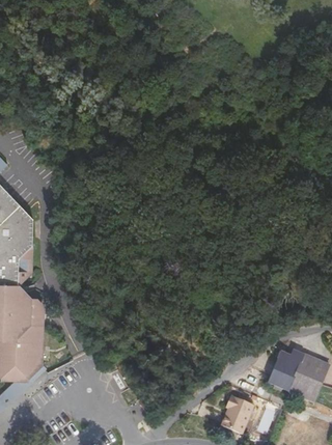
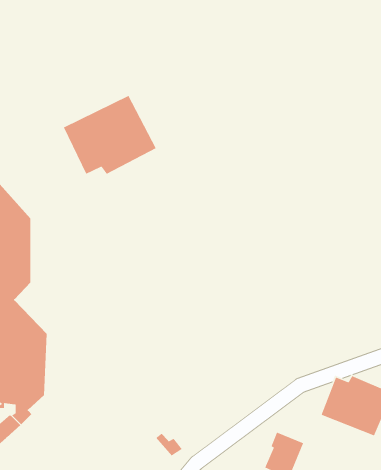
building: none -> [63,95,157,175]

